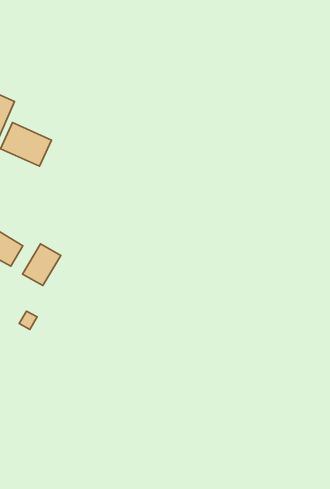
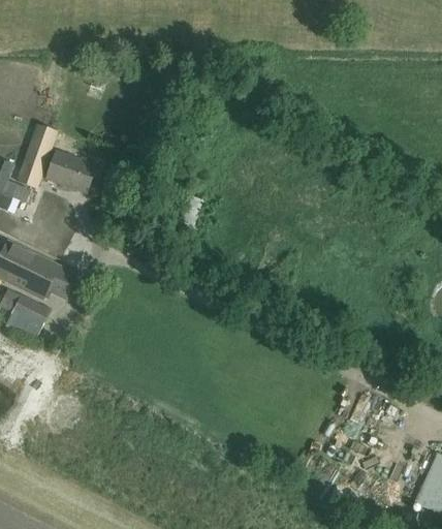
building: [22,244,61,286] -> none

